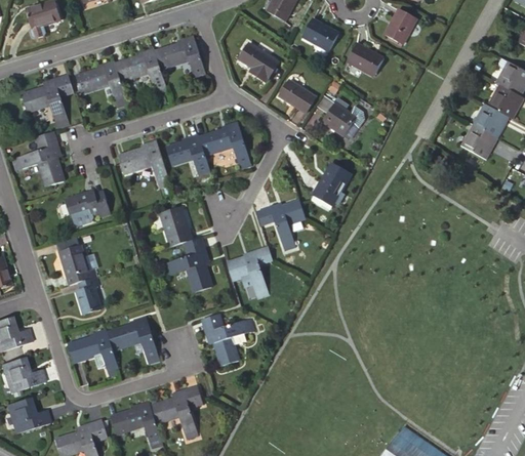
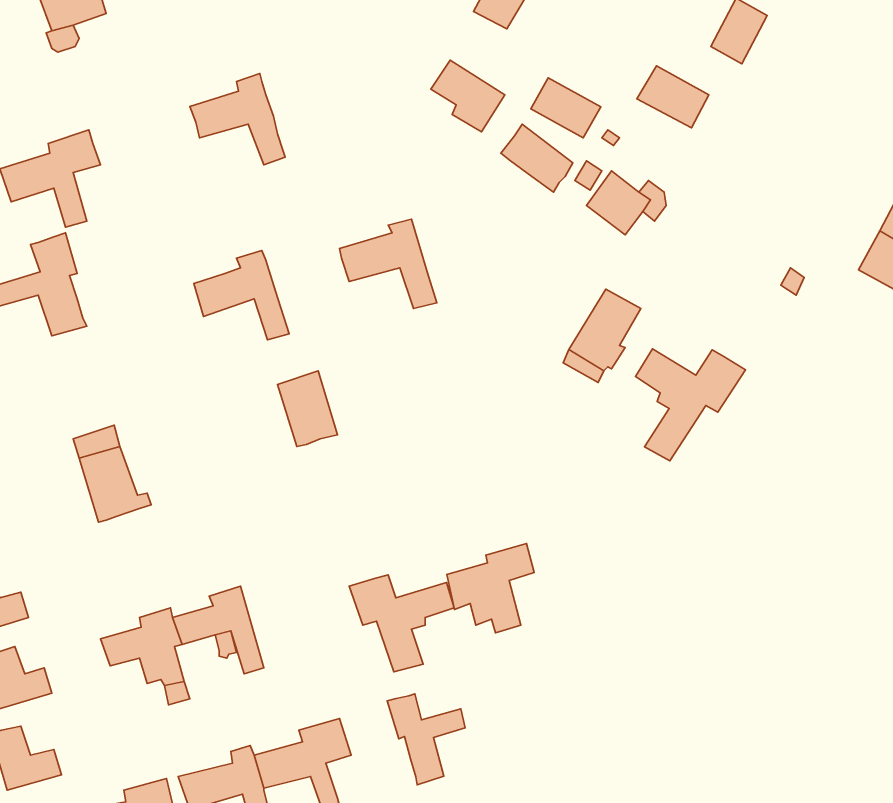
building: [308,20,345,52] -> [531,78,601,138]
building: [153,36,203,83] -> none
building: [71,59,127,108] -> none
building: [159,134,205,182] -> none
building: [58,189,106,215] -> none
building: none -> [635,349,746,461]
building: [256,198,307,245] -> none
building: [163,235,210,287] -> none
building: [226,244,272,291] -> [447,543,534,633]
building: [73,275,98,315] -> none
building: none -> [387,694,465,785]

